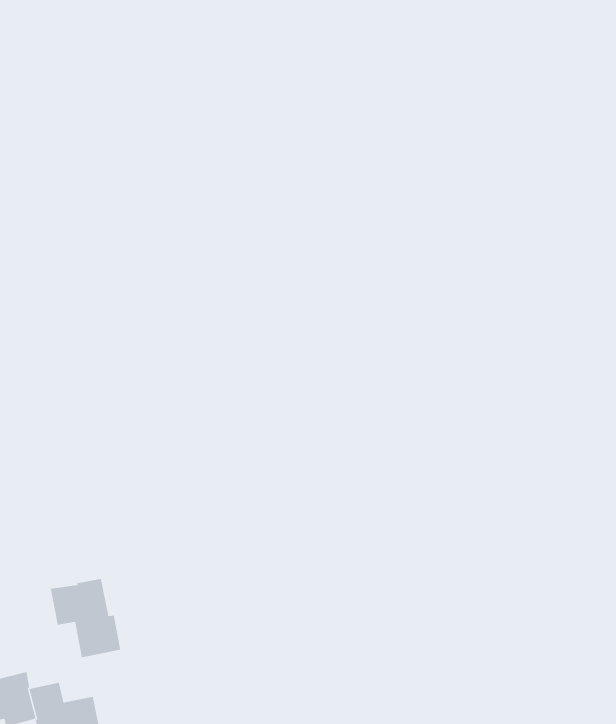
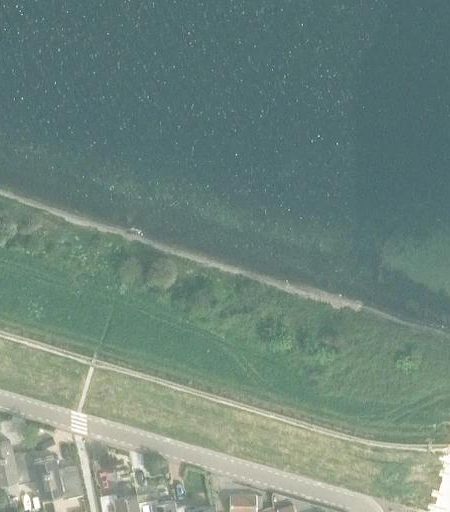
building: [50,578,121,658] -> none

